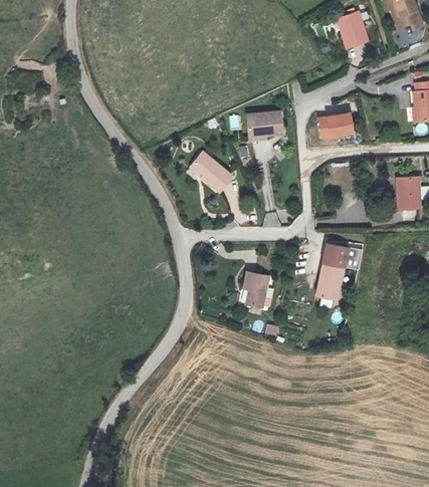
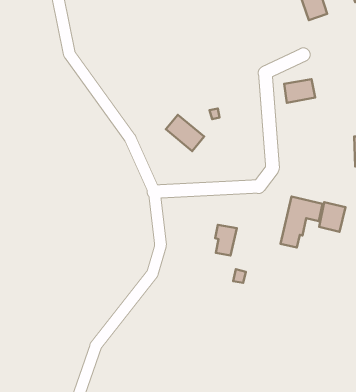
building: [248,110,283,139] -> none
building: none -> [319,202,345,232]

